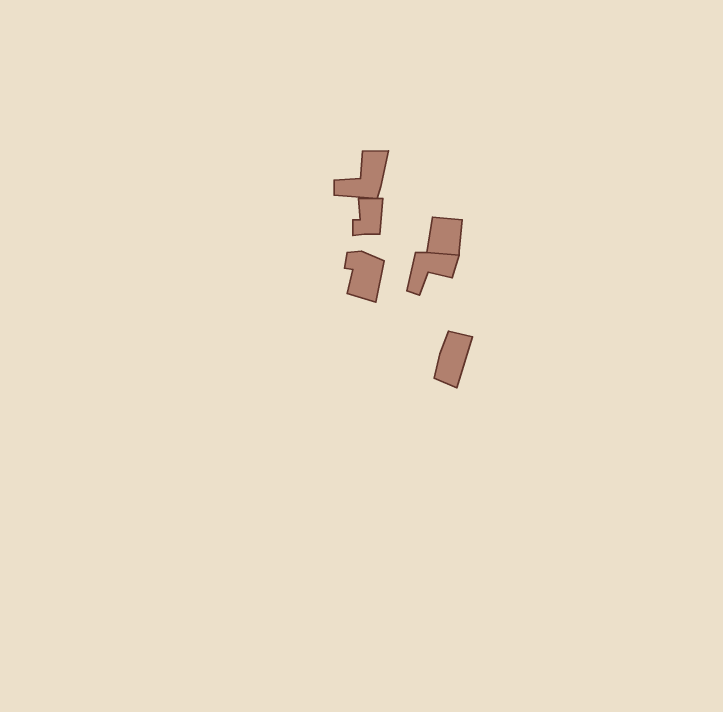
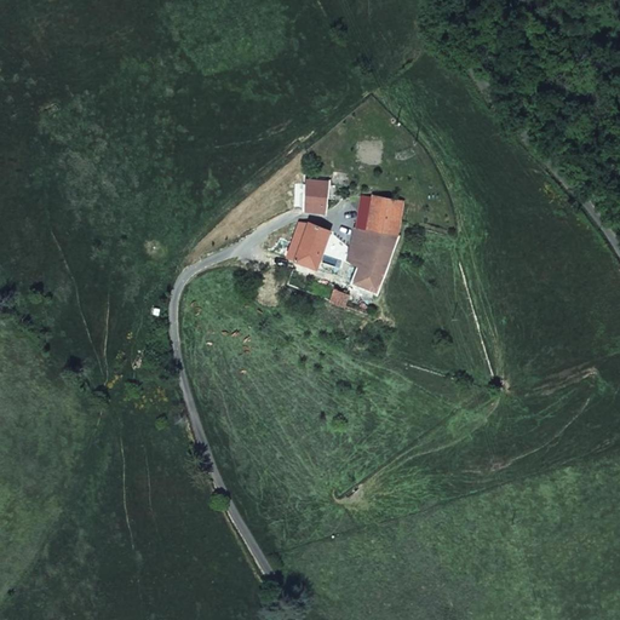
building: [334,151,388,199] -> none
building: [434,331,473,388] -> [354,243,386,292]

